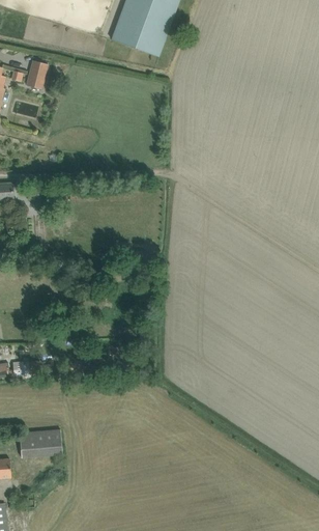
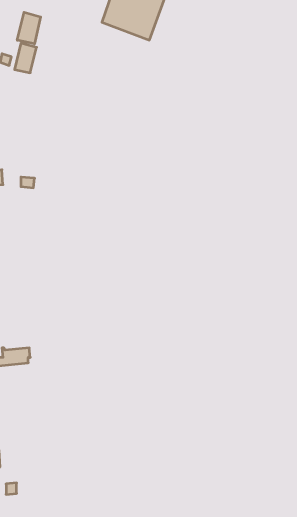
building: none -> [17,12,41,44]
building: [18,428,61,457] -> none

